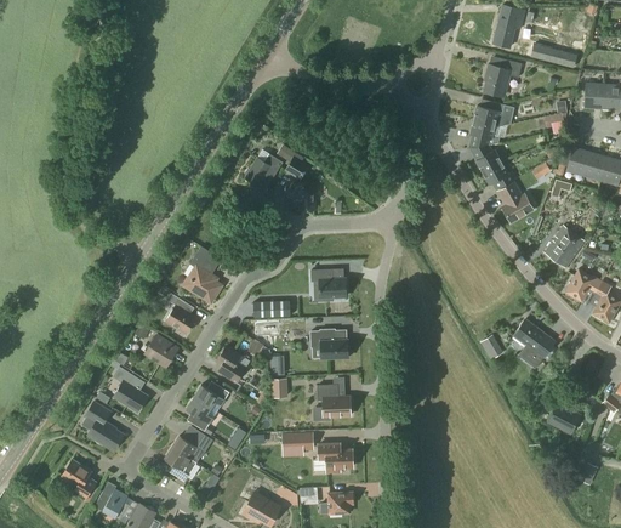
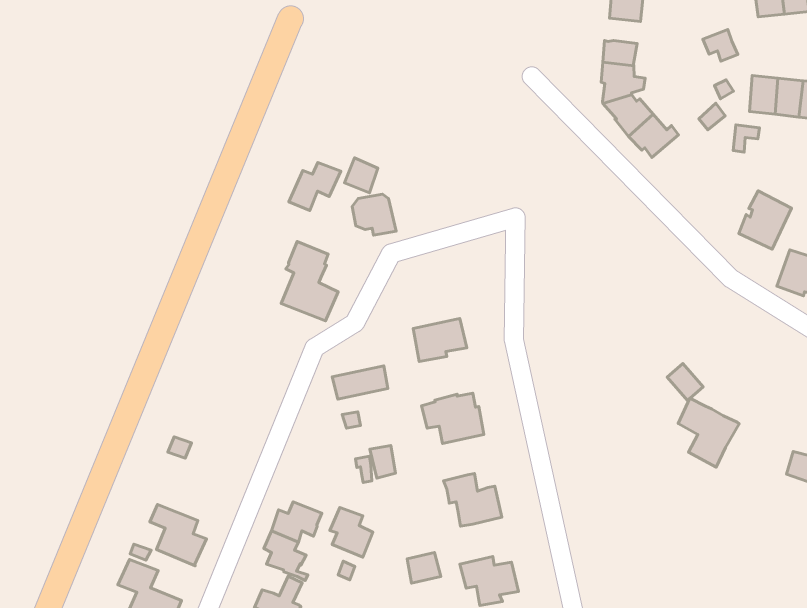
building: [498,182,534,222] -> none
building: [183,246,223,303] -> [281,242,338,321]
building: [166,294,196,334] -> none
building: [514,319,556,369] -> [678,398,739,467]
building: [146,335,178,367] -> none
building: [217,347,246,384] -> [330,507,373,557]

